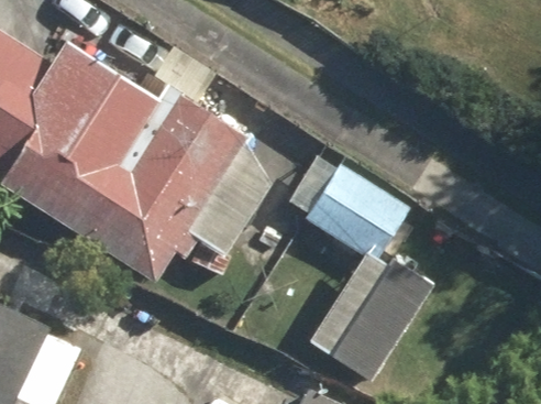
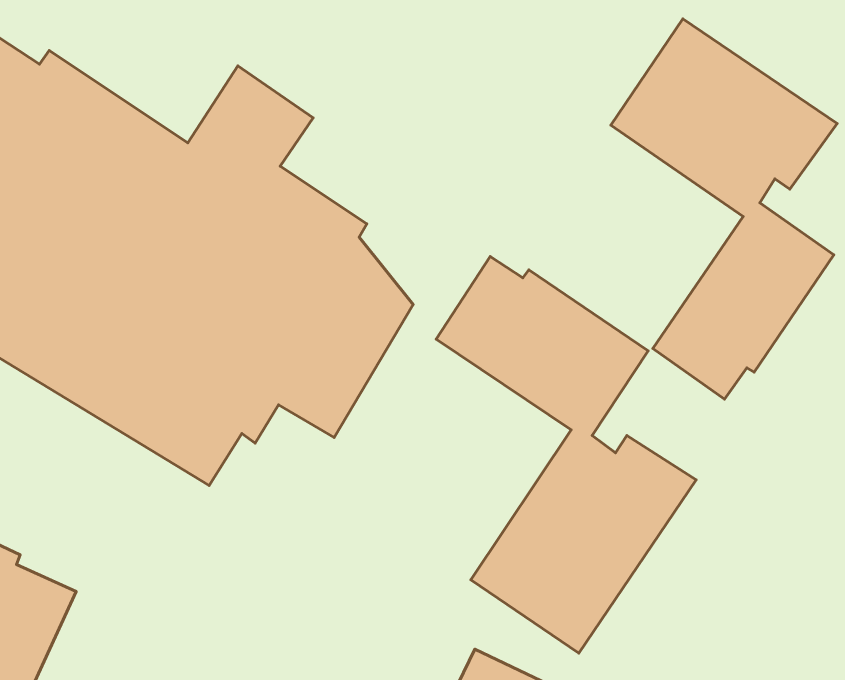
building: none -> [611,19,837,399]

